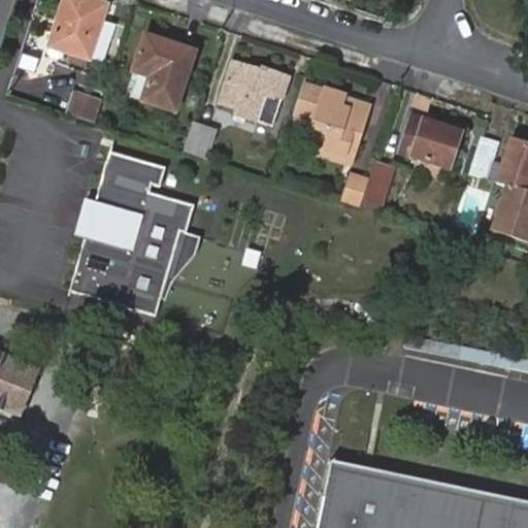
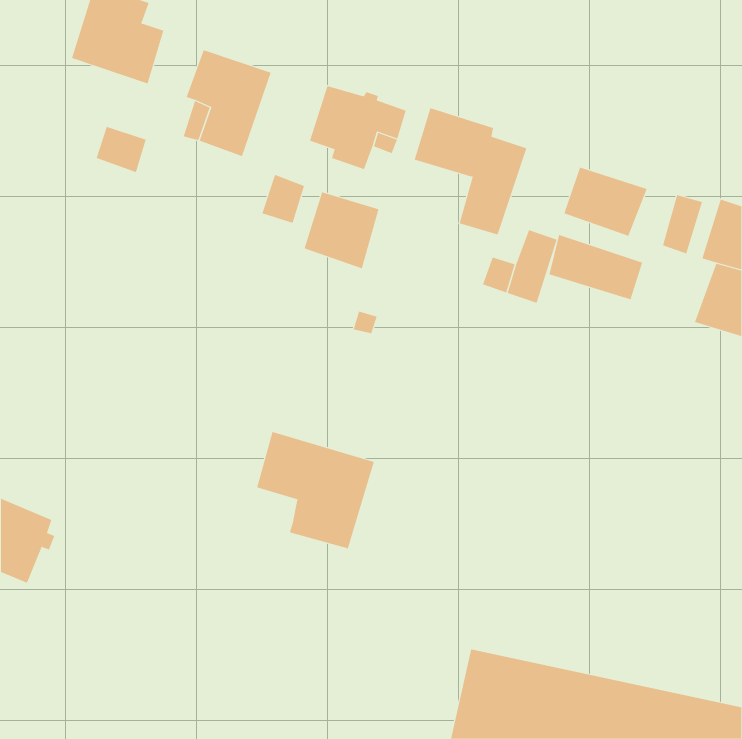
building: none -> [304,192,379,269]
building: [70,150,194,312] -> none
building: none -> [549,234,643,300]
building: none -> [256,431,374,549]

